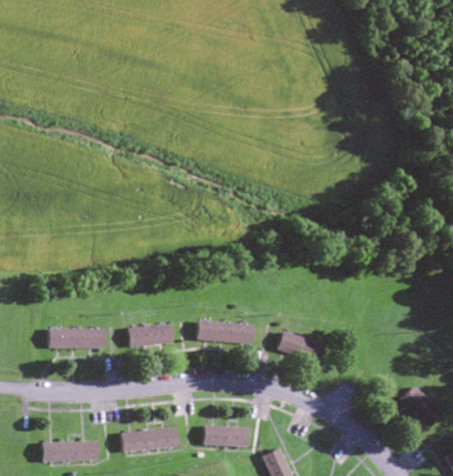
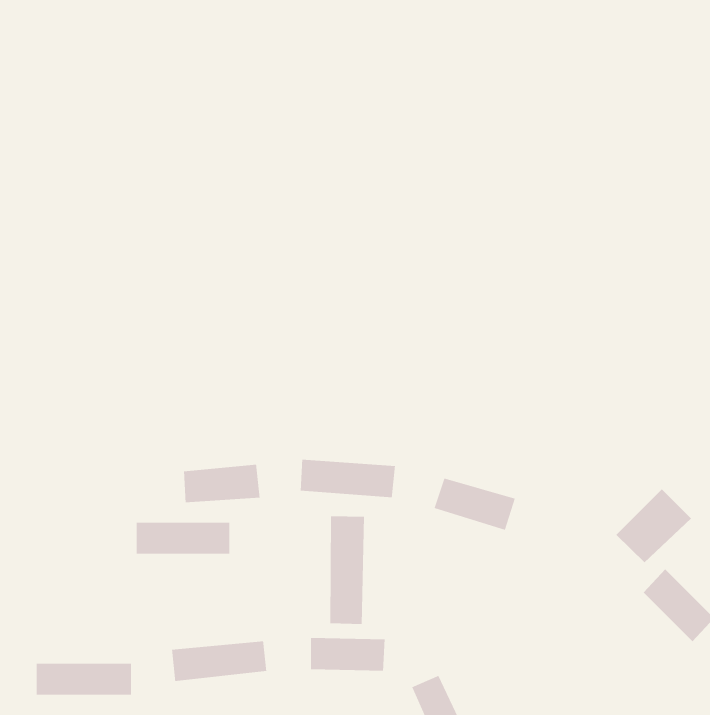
building: [49,328,104,347] -> [136,522,230,555]
building: none -> [615,489,692,563]
building: none -> [329,516,365,625]

